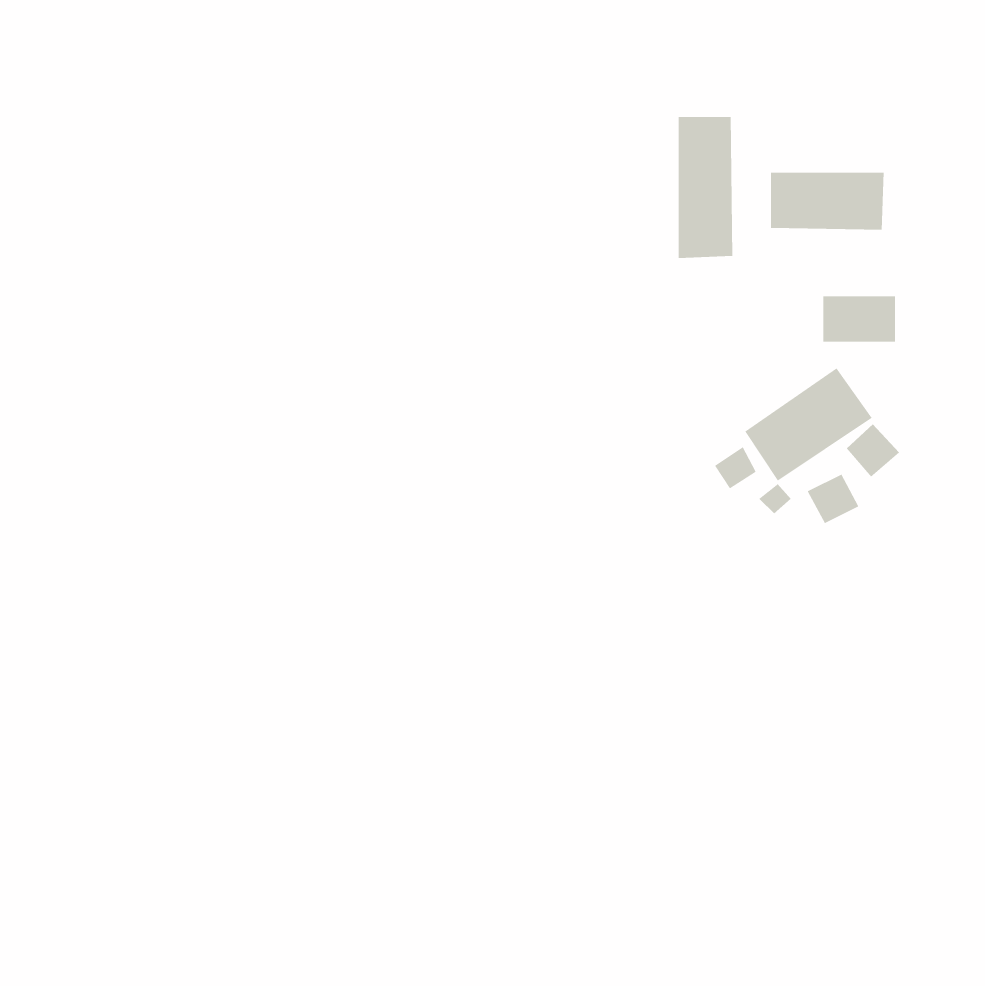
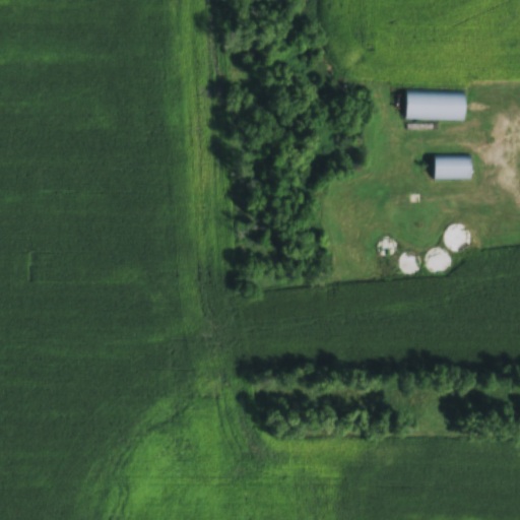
building: [678,116,733,259] -> none
building: [744,367,873,481] -> none

